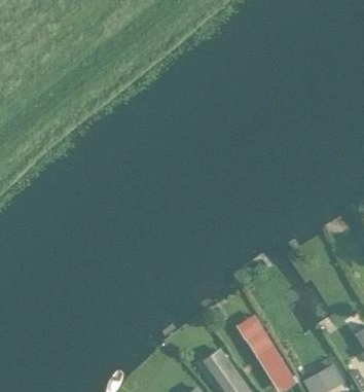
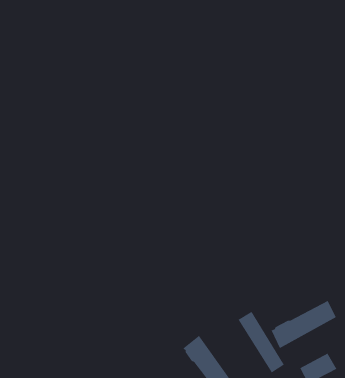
building: none -> [270,300,337,349]

